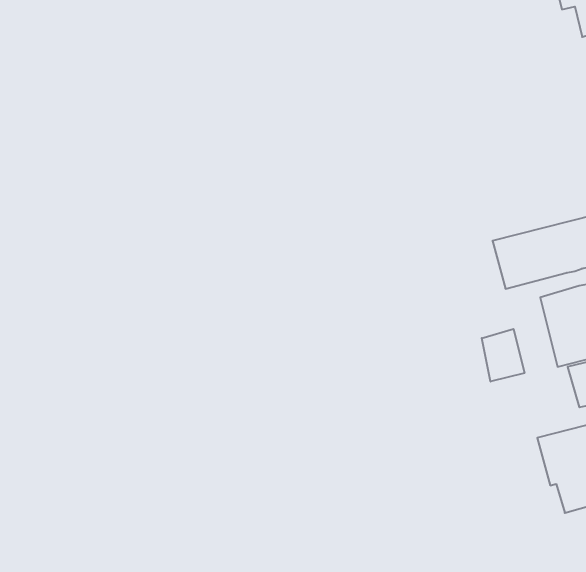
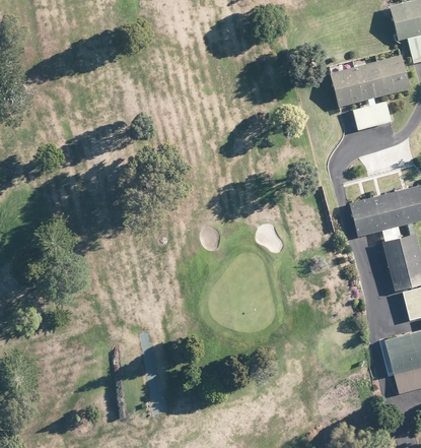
building: none -> [330,55,410,131]
building: [482,329,524,382] -> none

